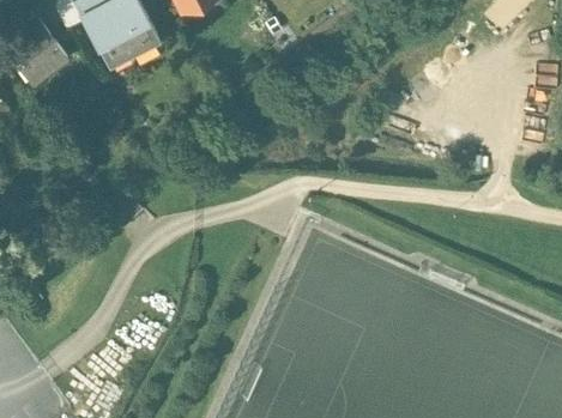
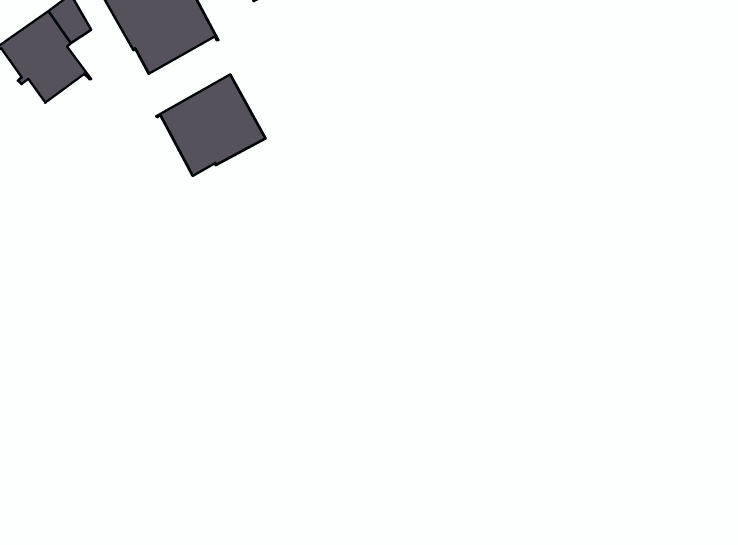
building: none -> [156,75,265,176]

